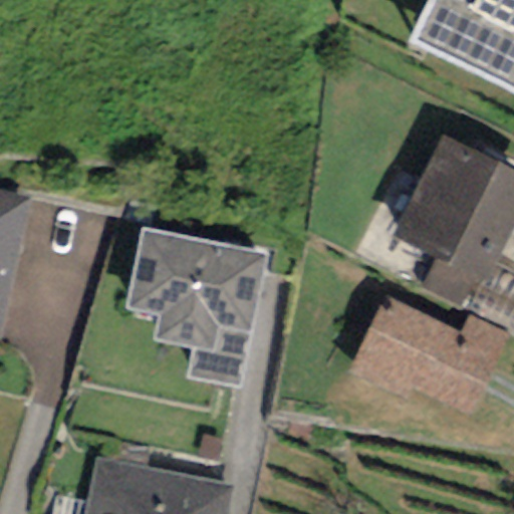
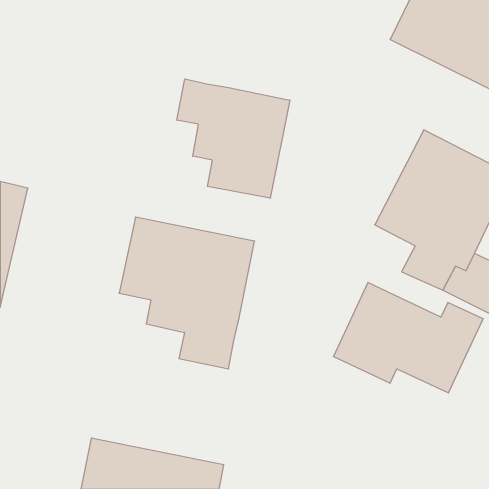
building: none -> [177,79,290,198]

